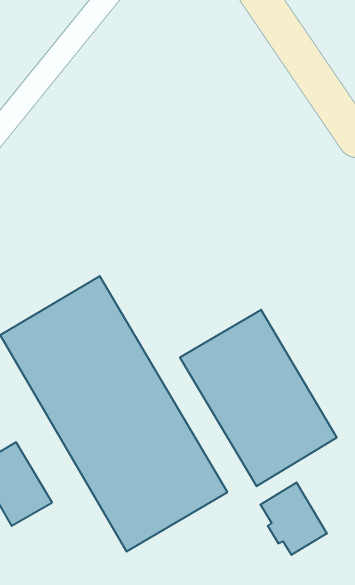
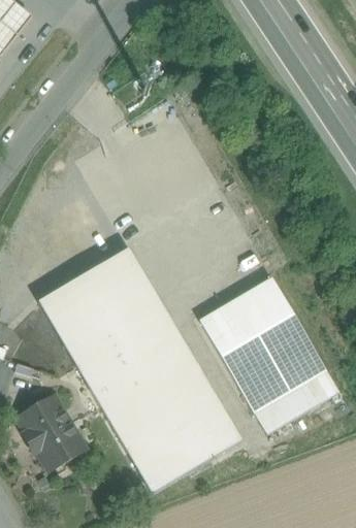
building: [260,482,327,555] -> none

